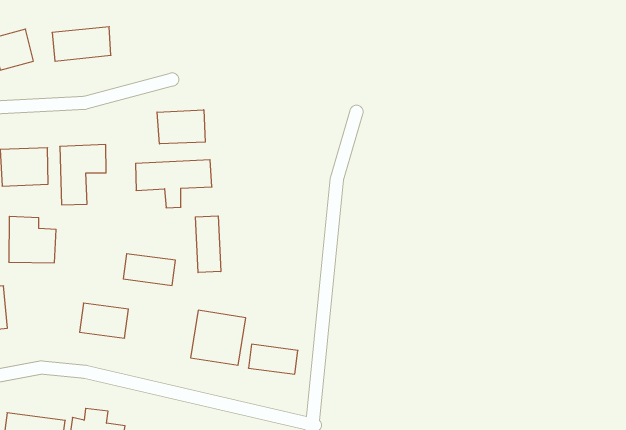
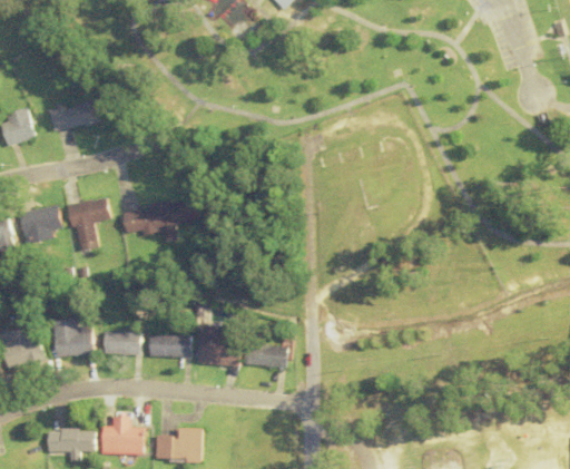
building: [157,110,205,144] -> none
building: [195,216,221,273] -> none
building: [9,216,56,263] -> [51,319,94,359]
building: [123,254,175,285] -> [148,336,189,358]

